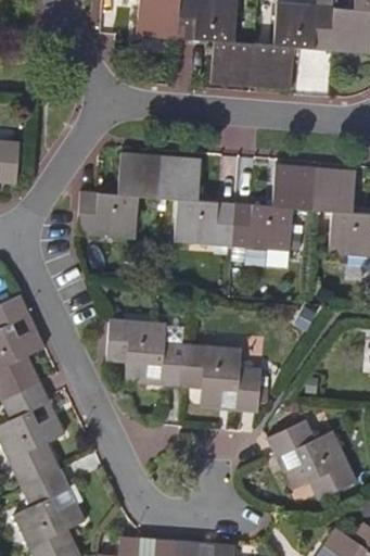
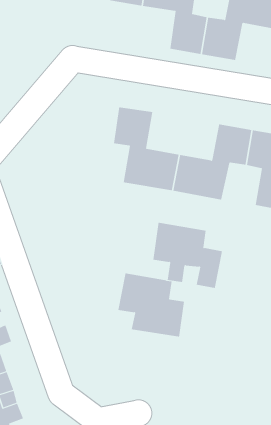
building: [77,152,161,237] -> none
building: [106,318,186,388] -> [153,222,223,289]
building: [267,422,356,502] -> none

